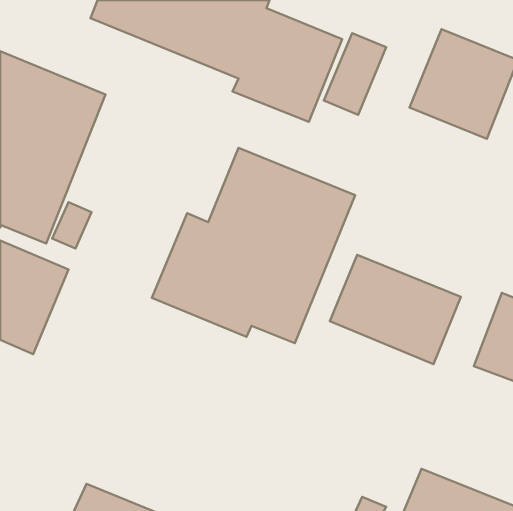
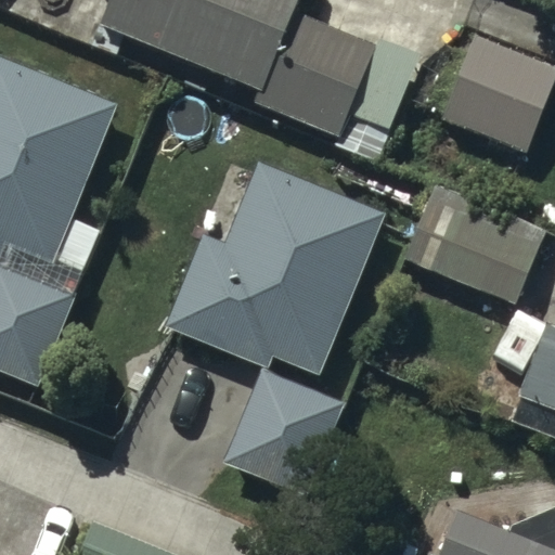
building: [330,255,461,364] -> [405,190,546,308]
building: none -> [223,369,344,494]

